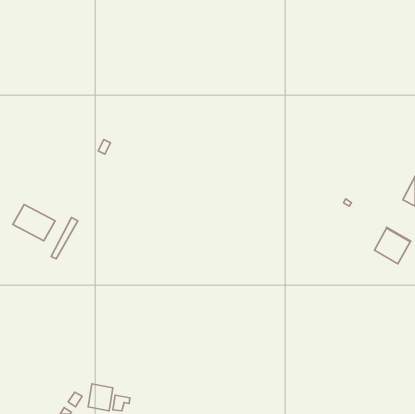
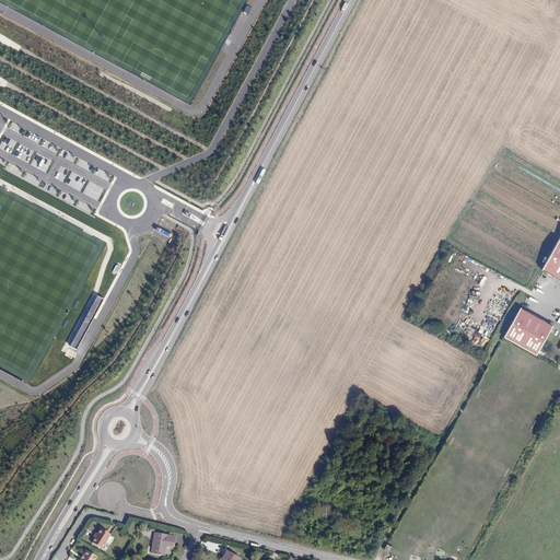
building: [13,205,55,241] -> none
building: [88,384,113,411] -> none

